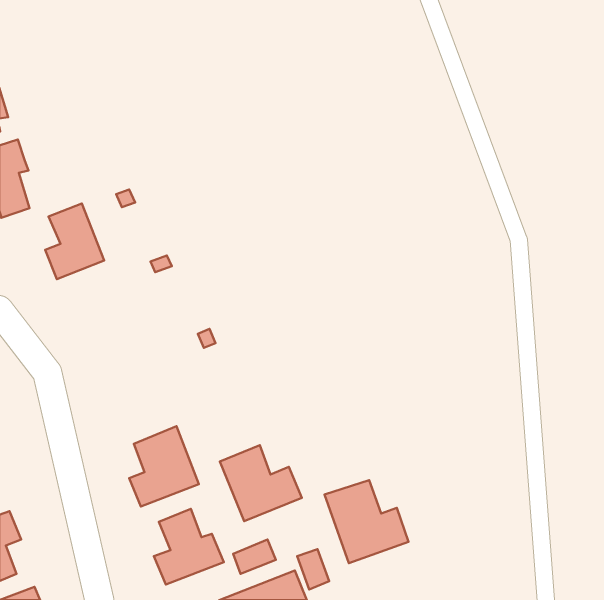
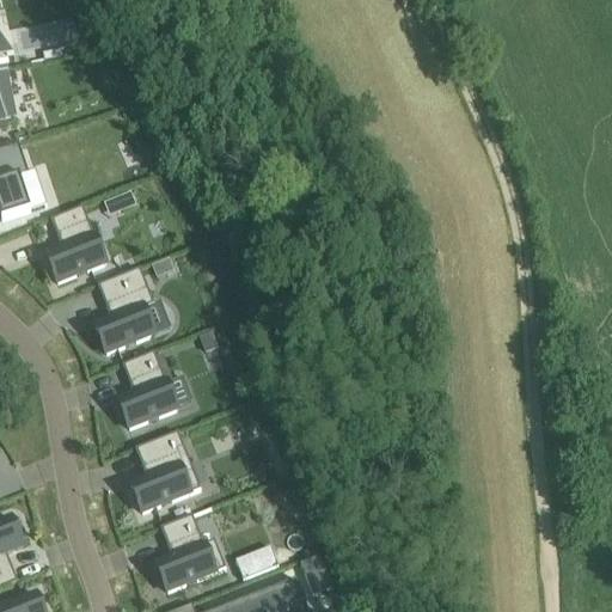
building: none -> [94,267,170,353]
building: none -> [117,351,191,428]
building: [220,445,302,521] -> none
building: [325,480,408,563] -> none

